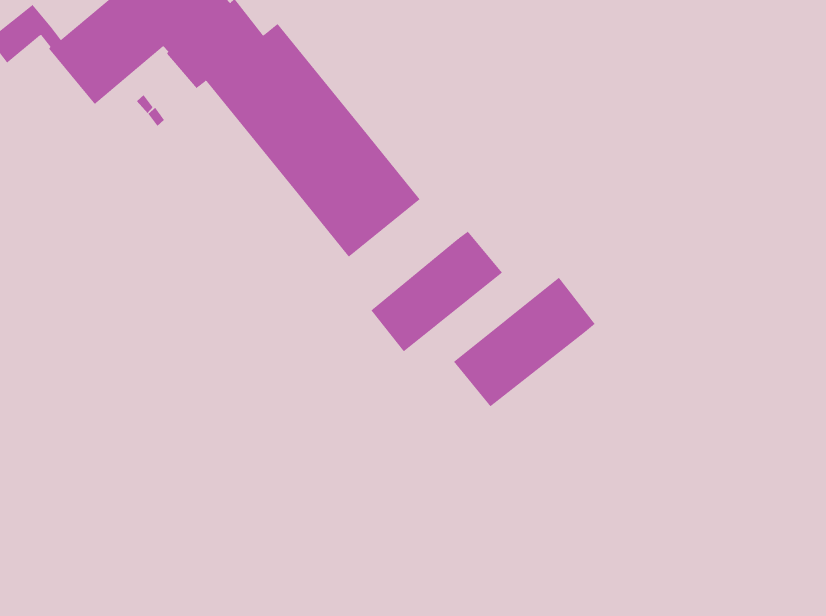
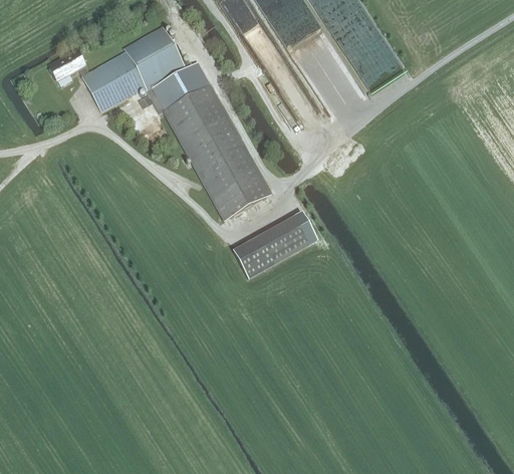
building: [453,277,595,407] -> none

